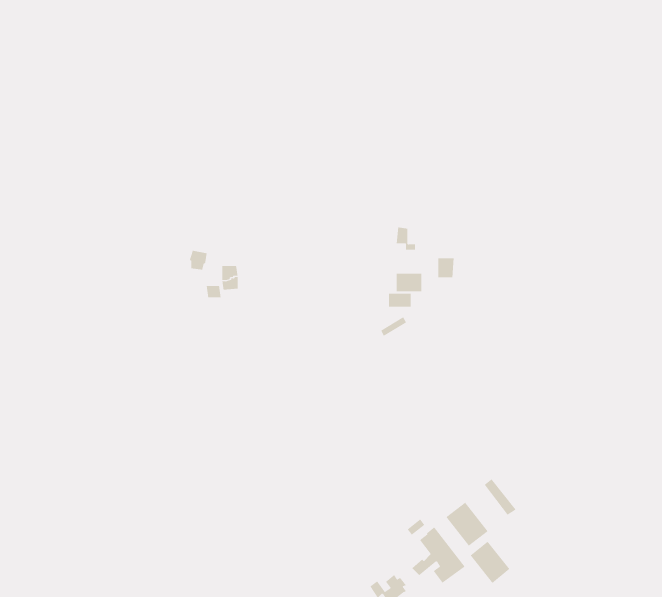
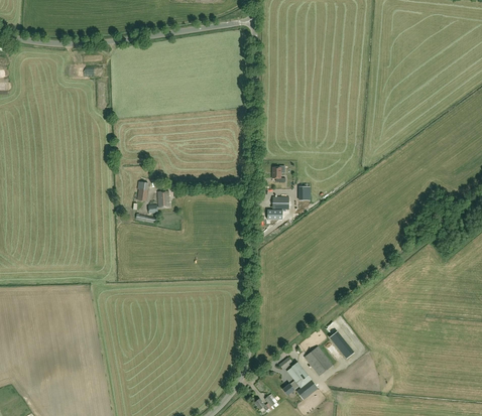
building: [470,541,510,584] -> none

